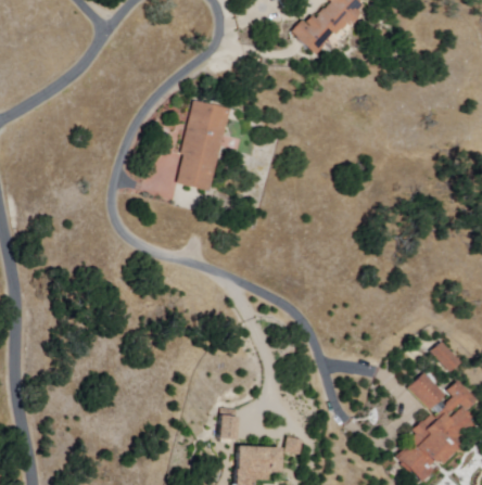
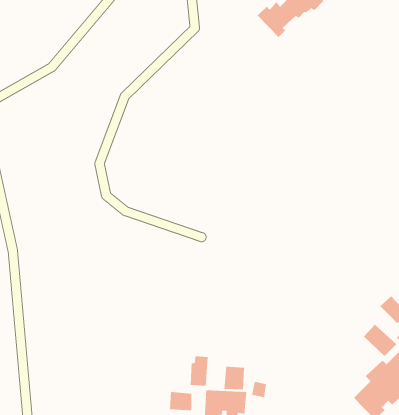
building: [177,97,231,189] -> none
building: none -> [224,366,245,390]
building: none -> [170,391,192,411]

